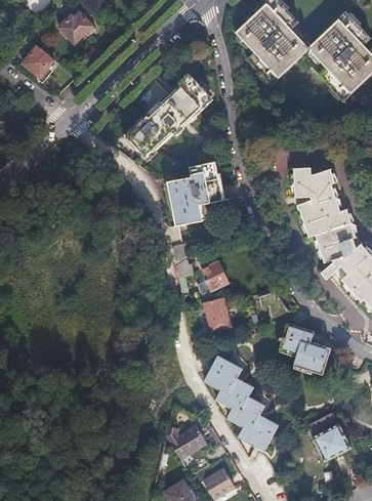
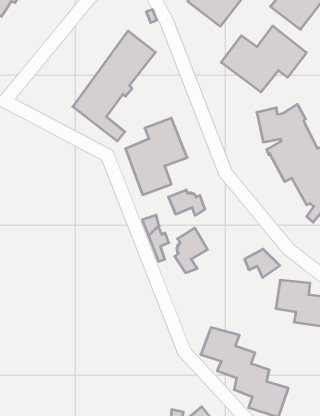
building: none -> [221,26,306,92]
building: none -> [168,190,205,215]
building: [202,299,228,332] -> none

